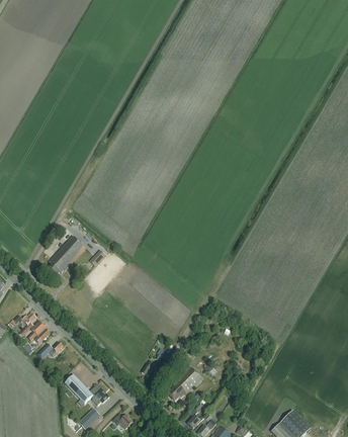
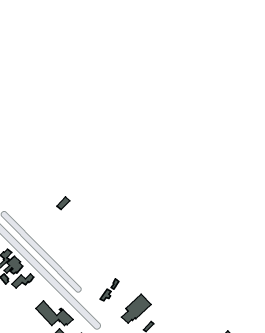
building: [45,236,85,277] -> none

